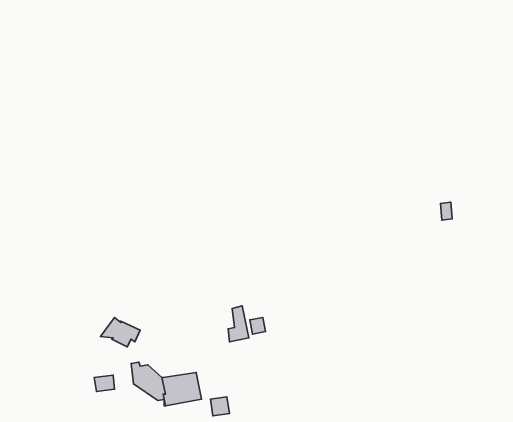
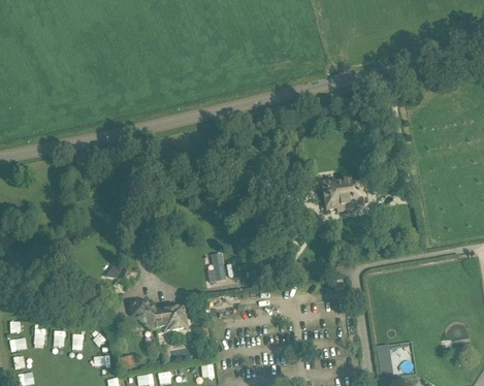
building: none -> [322,179,365,212]

